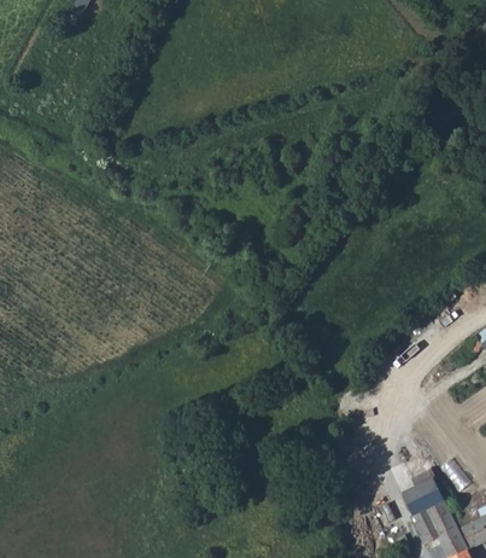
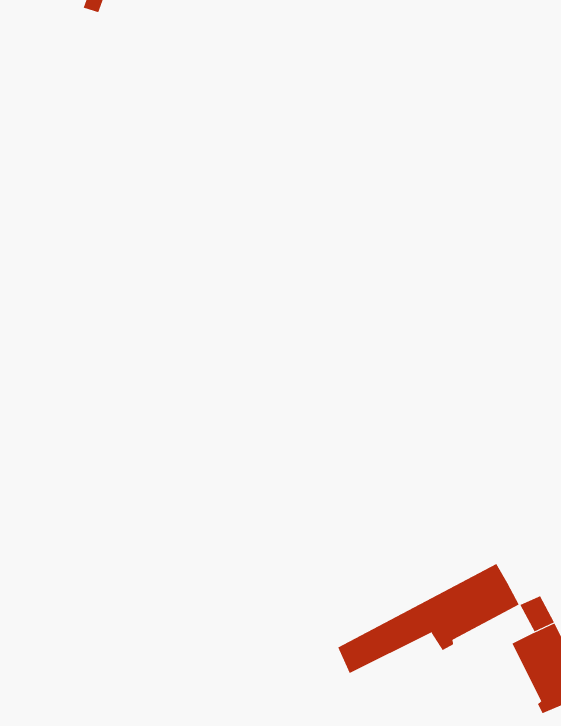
building: none -> [337,563,520,674]

